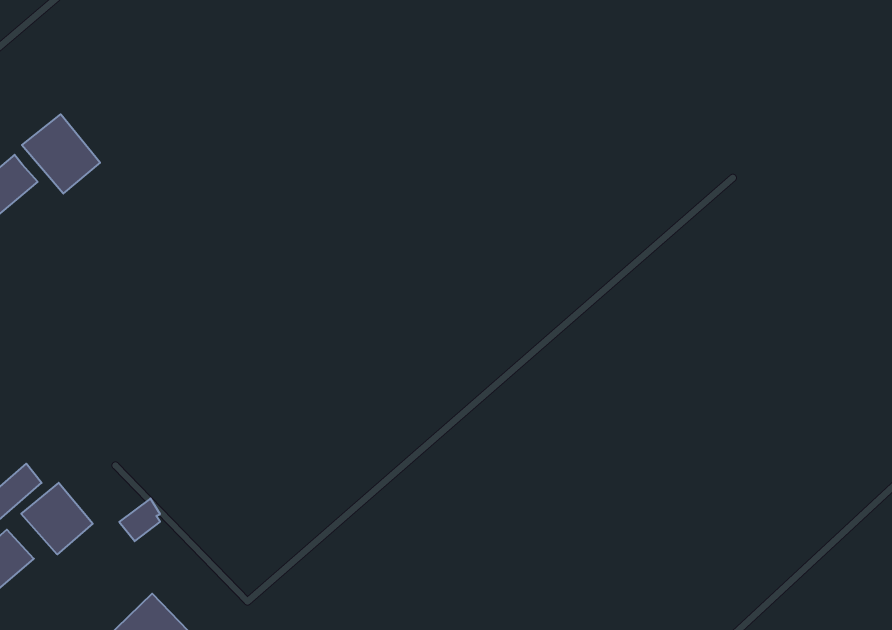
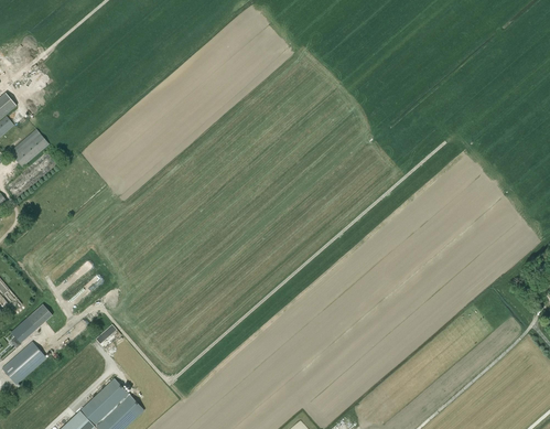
building: [22,114,100,194] -> none
building: [21,483,93,554] -> none

